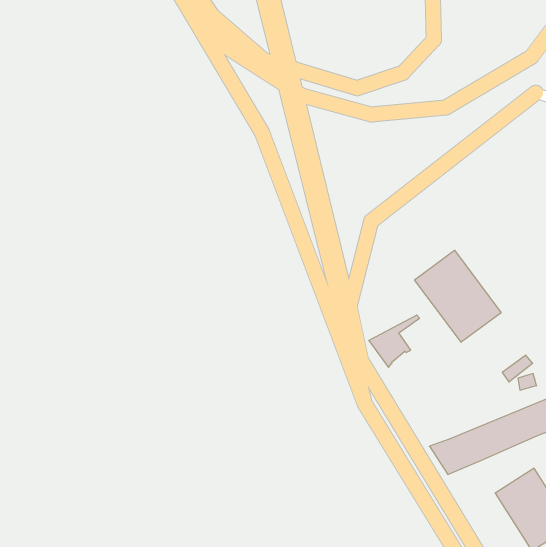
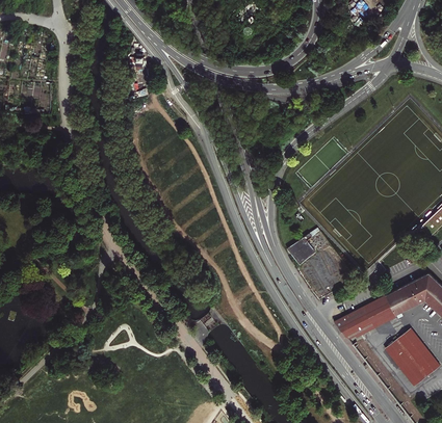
building: [415,250,501,342] -> none

